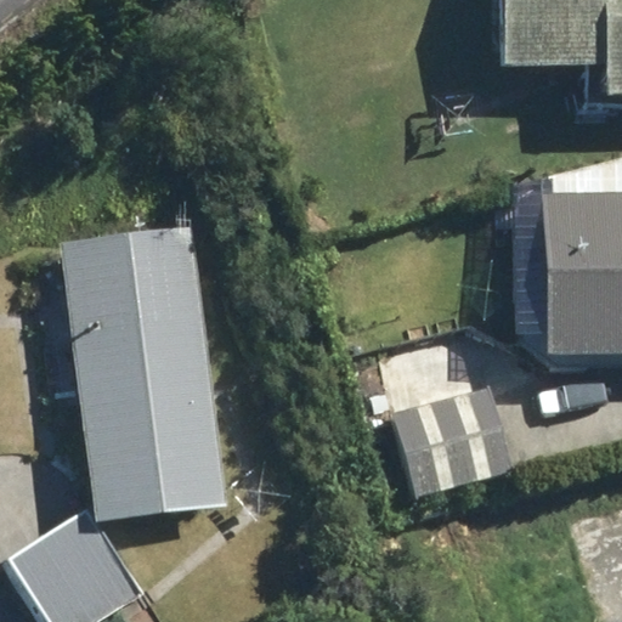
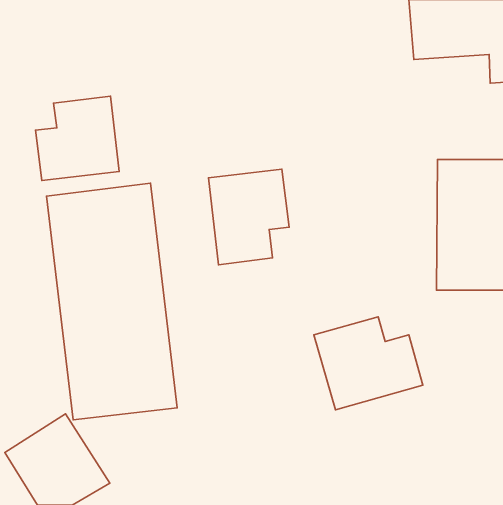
building: none -> [36,96,119,181]
building: none -> [208,169,289,265]

